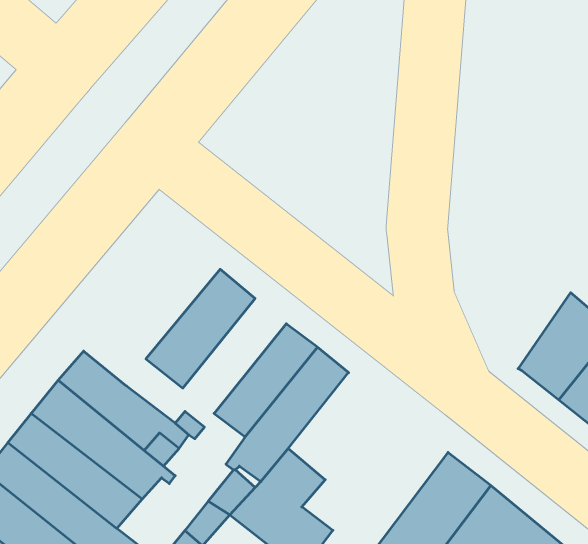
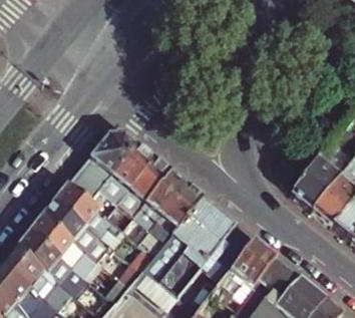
building: none -> [67,133,137,204]
building: none -> [118,158,171,218]
building: none -> [172,197,238,278]

